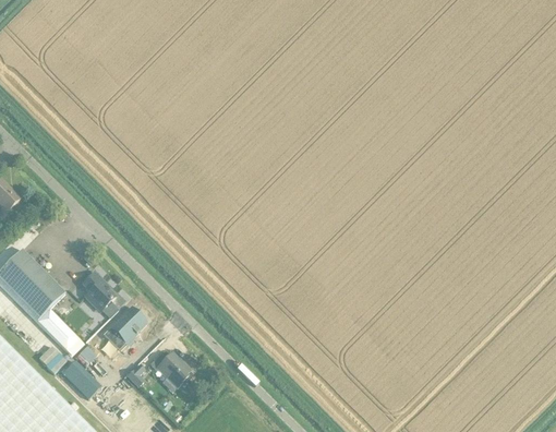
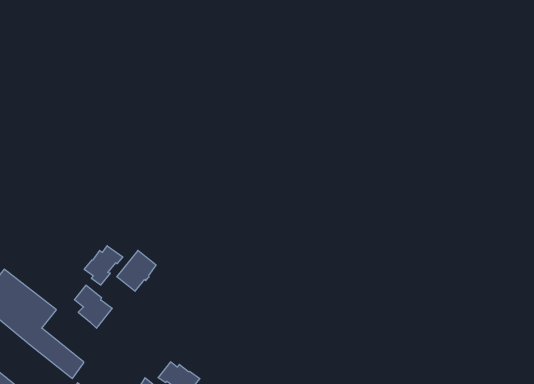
building: none -> [84,246,123,285]
building: [109,305,146,343] -> [117,250,156,291]

